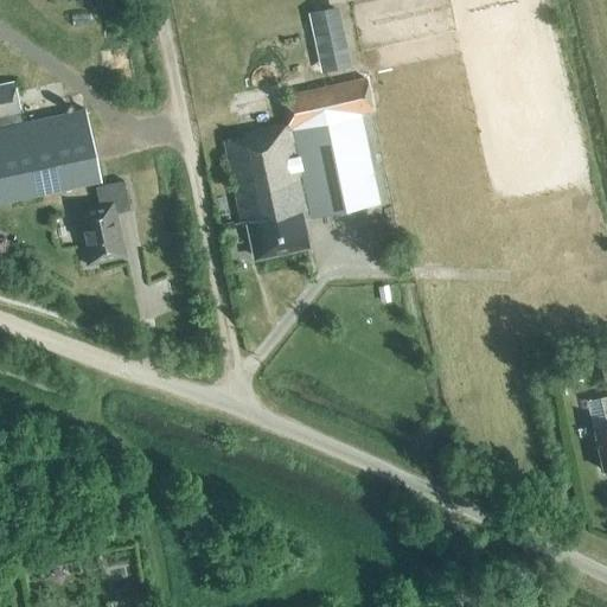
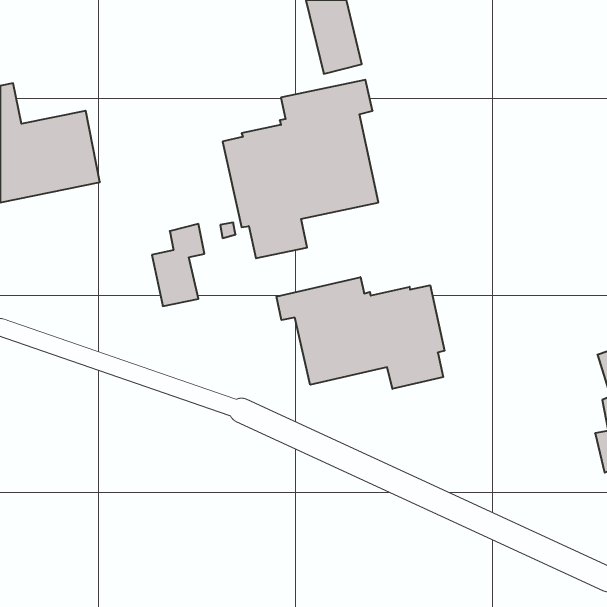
building: [78,183,130,264] -> [152,224,204,306]
building: none -> [277,277,445,389]

